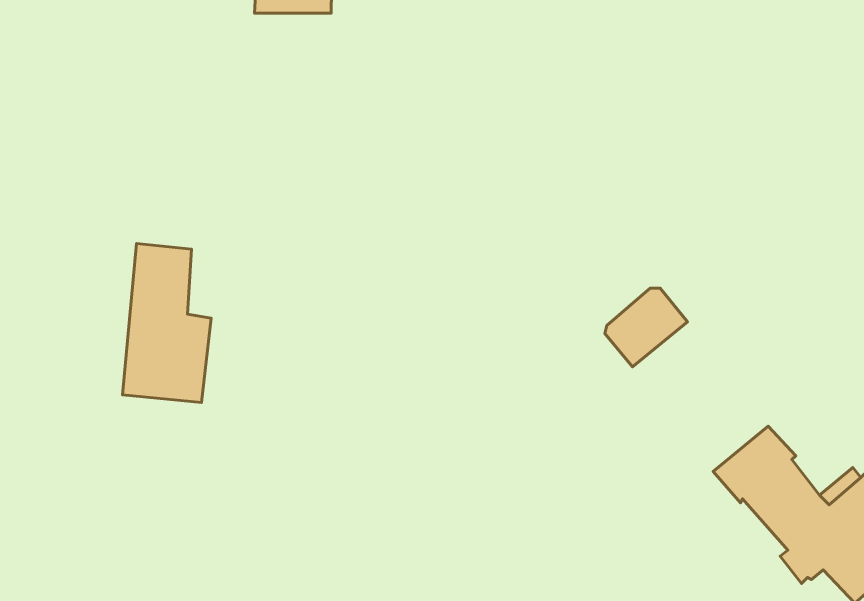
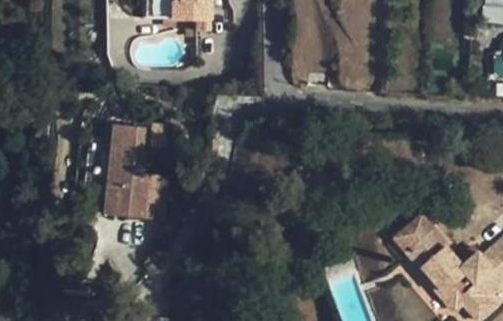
building: [605,288,688,367] -> [393,213,435,253]

